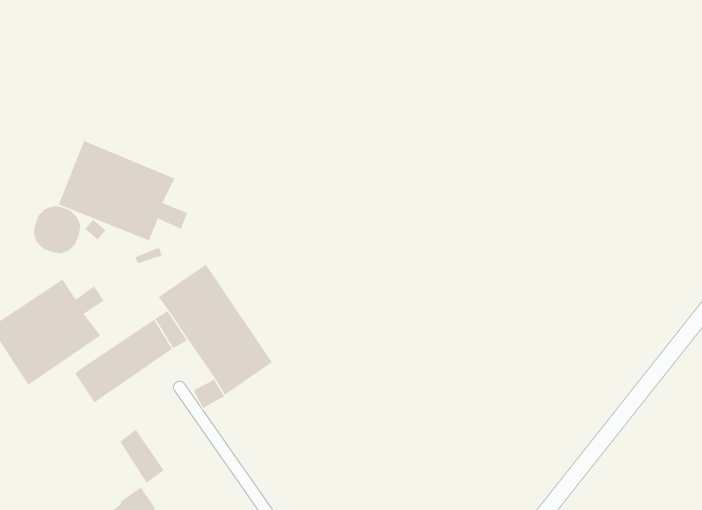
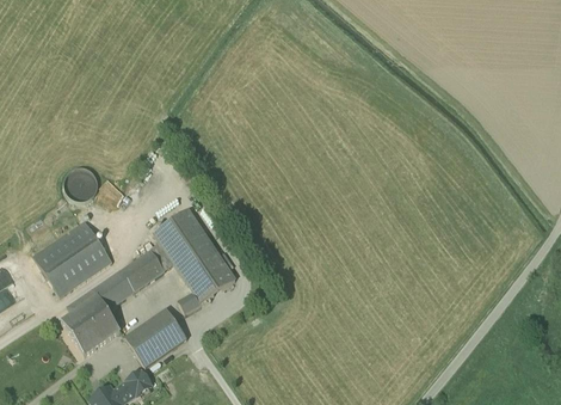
building: [58,140,188,241] -> none
building: none -> [62,288,121,355]
building: none -> [138,308,187,357]

